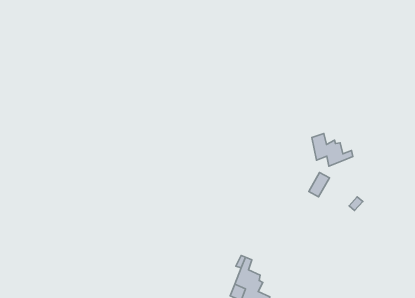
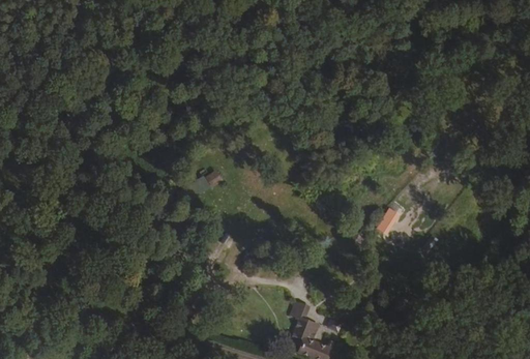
building: [312,133,353,166] -> none

